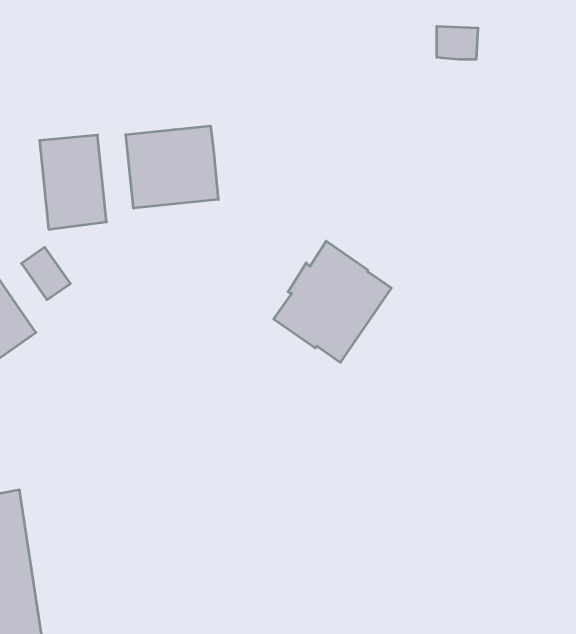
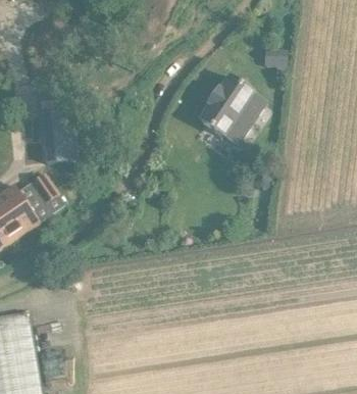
building: [126,126,218,208] -> none
building: [274,241,391,362] -> [200,77,266,145]

